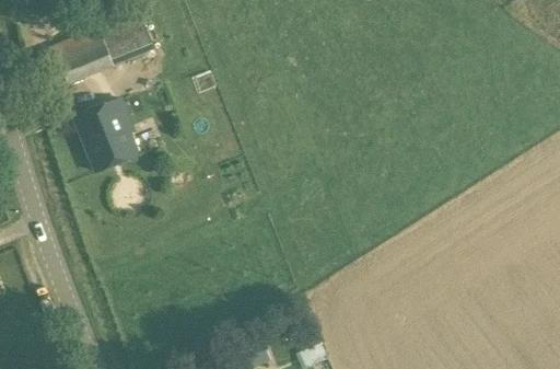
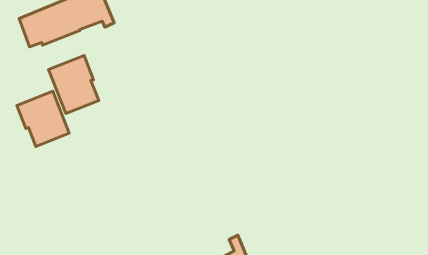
building: none -> [17,91,69,146]

